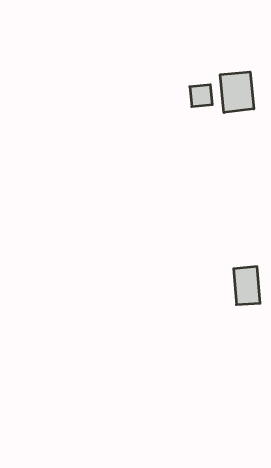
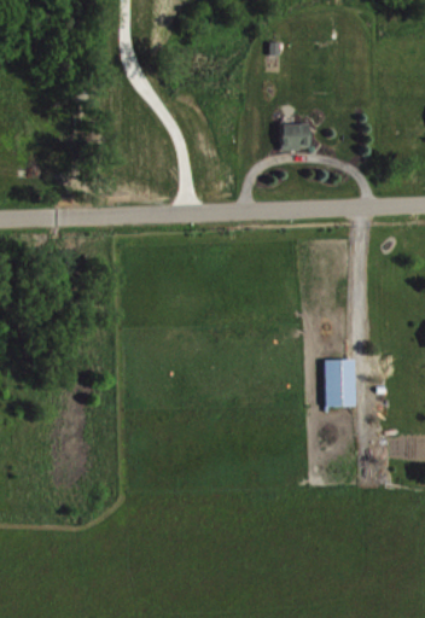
building: [220,72,254,113] -> none

